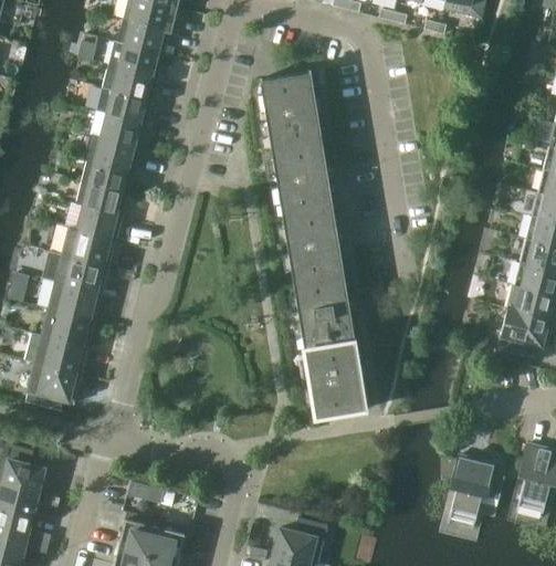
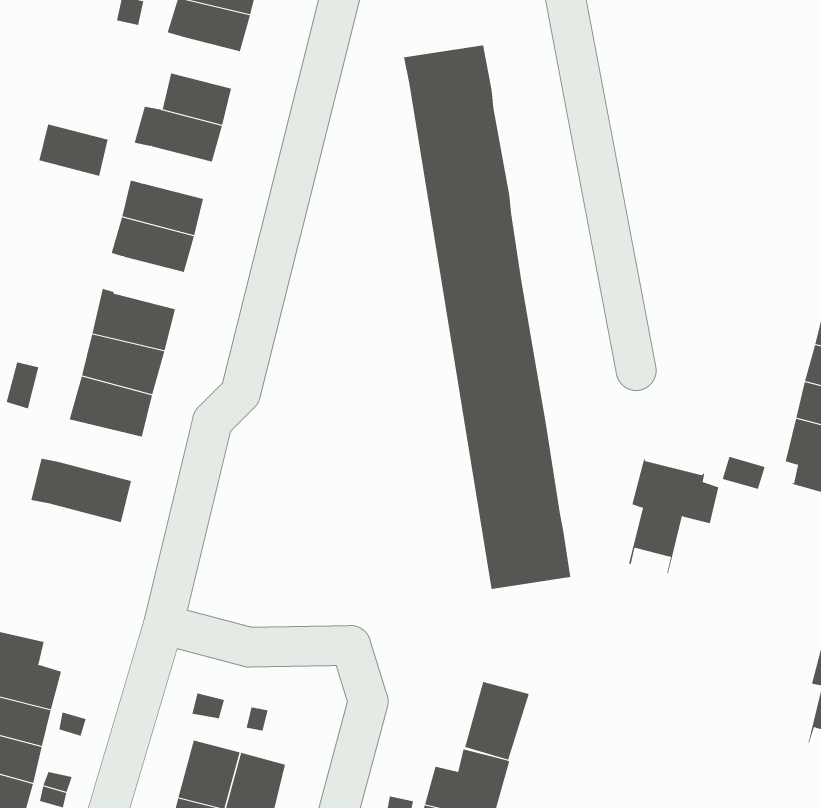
building: [105,64,157,99] -> none
building: [95,136,139,169] -> [39,124,109,176]
building: [77,206,122,239] -> none
building: [42,308,95,347] -> none
building: [25,361,82,410] -> none
building: [447,457,504,531] -> [628,457,719,575]
building: none -> [465,681,529,761]

